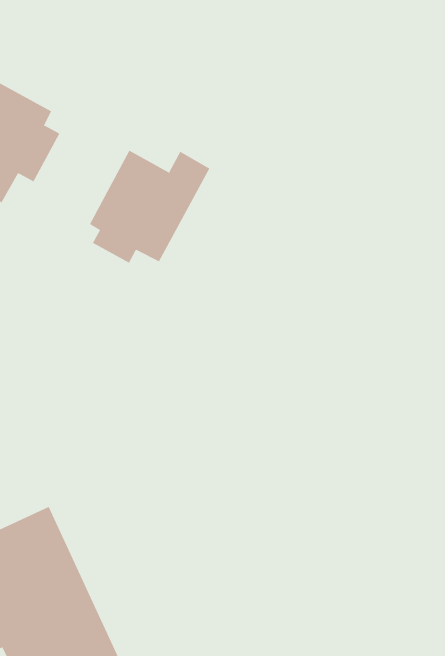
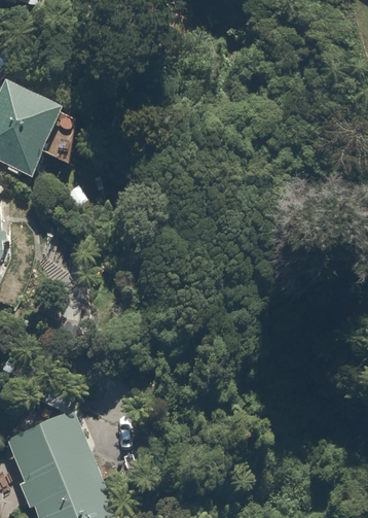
building: [89,150,210,263] -> none

